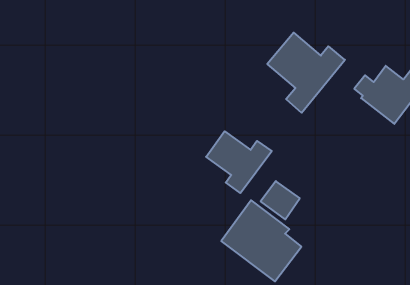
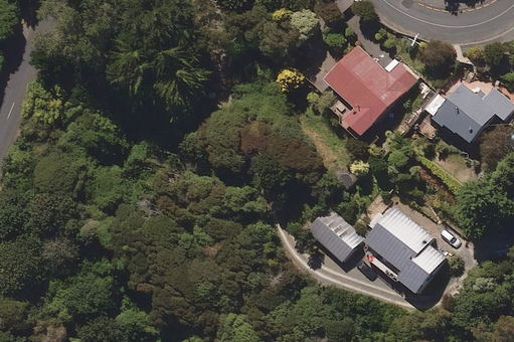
building: [206,131,272,193] -> none
building: [221,200,301,281] -> [355,203,450,299]

